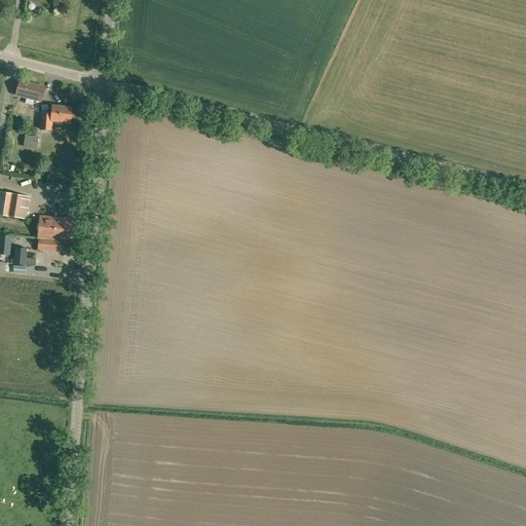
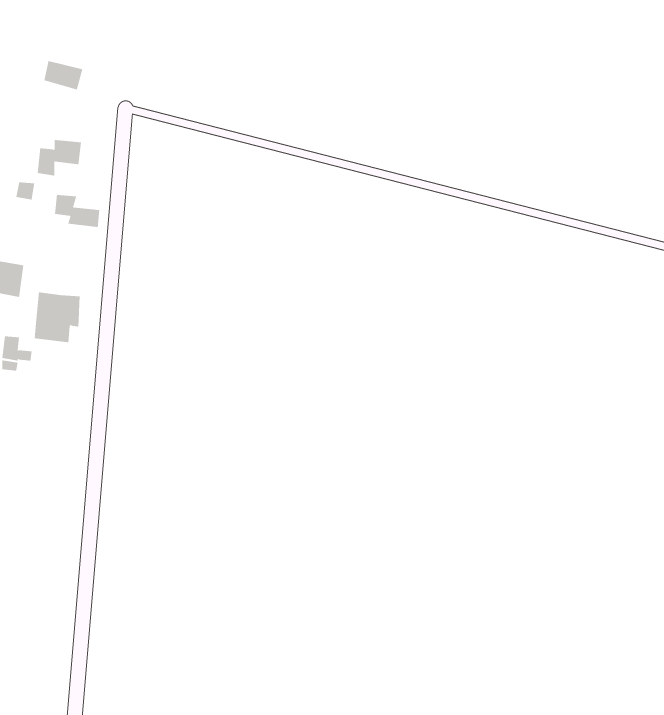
building: [16,80,45,102] -> [44,61,83,90]
building: none -> [54,194,100,228]

